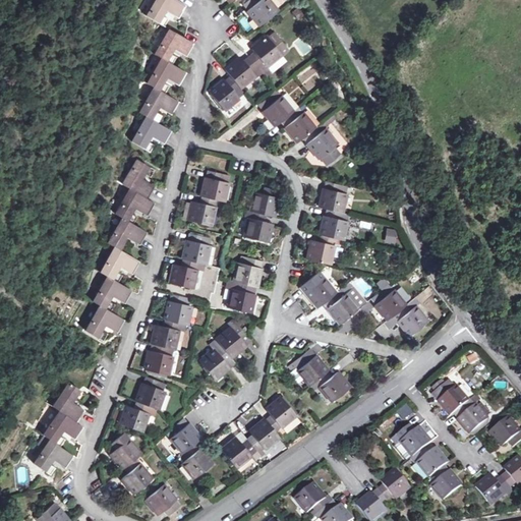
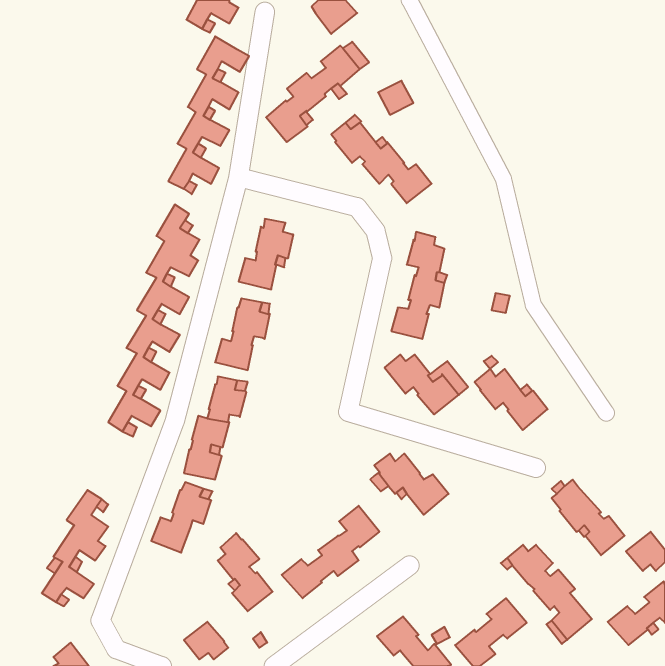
building: [243,186,279,242] -> none
building: [225,257,263,313] -> none
building: [199,323,251,381] -> none
building: [109,432,153,494] -> none

